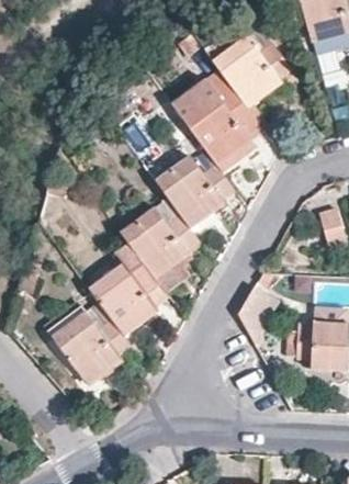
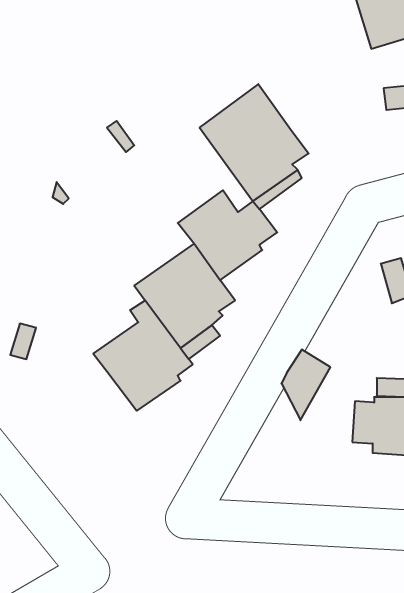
building: [204,25,290,109] -> none
building: [50,302,130,383] -> none

